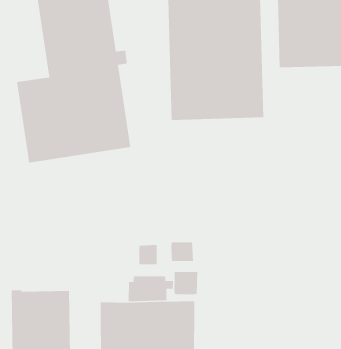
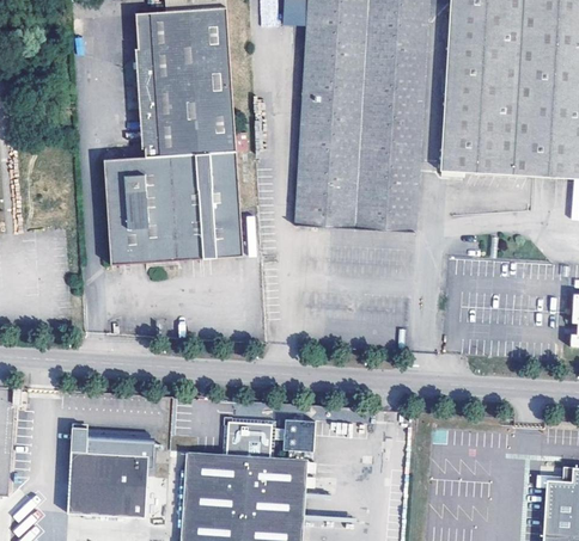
building: [171,242,194,262] -> none
building: [139,244,158,265] -> none

